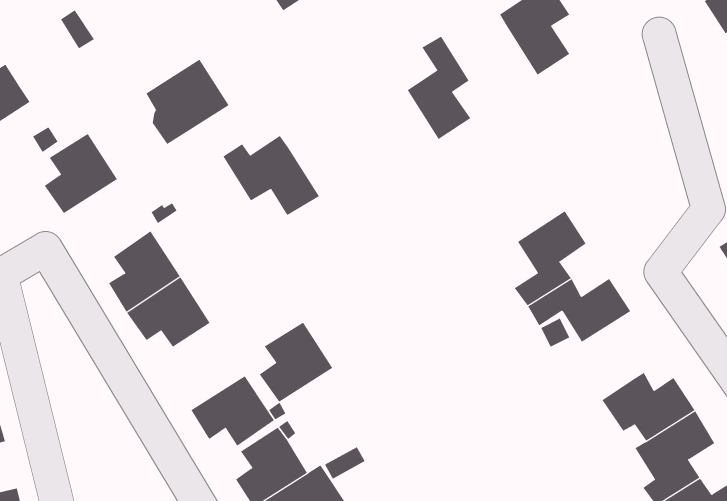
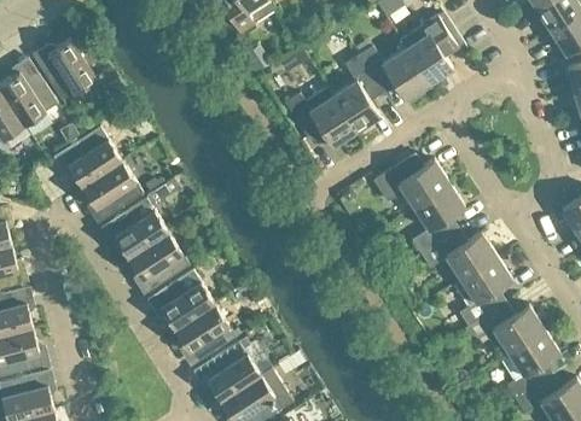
building: none -> [45,39,97,101]
building: none -> [359,46,429,99]
building: [145,59,230,145] -> [82,160,144,223]
building: [223,135,320,216] -> [285,87,356,146]
building: none -> [373,159,449,206]
building: none -> [453,257,512,327]
building: [259,322,333,403] -> [161,270,215,329]

